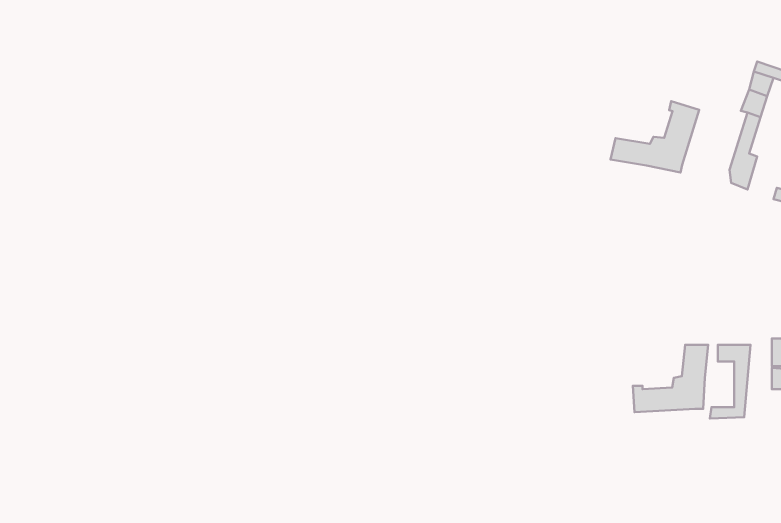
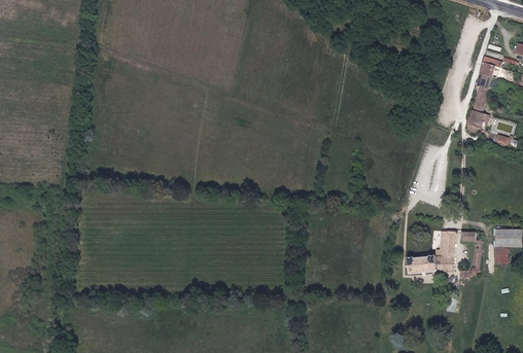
building: [610,101,699,173] -> none

